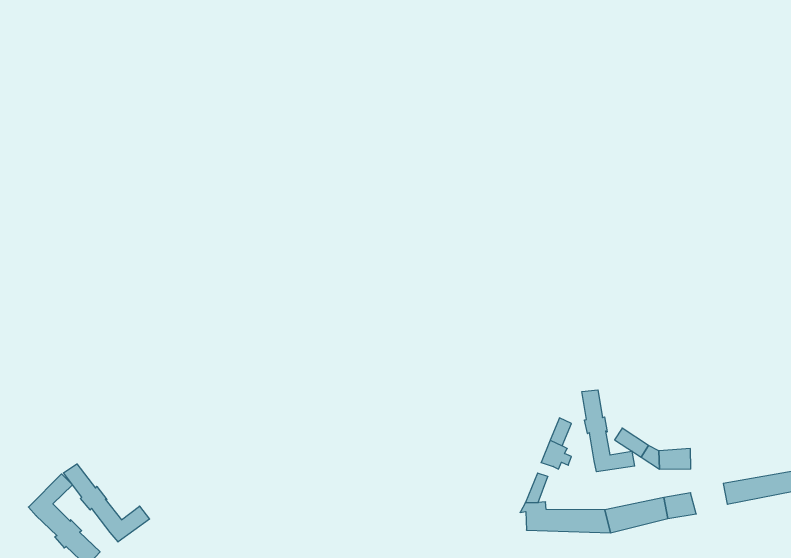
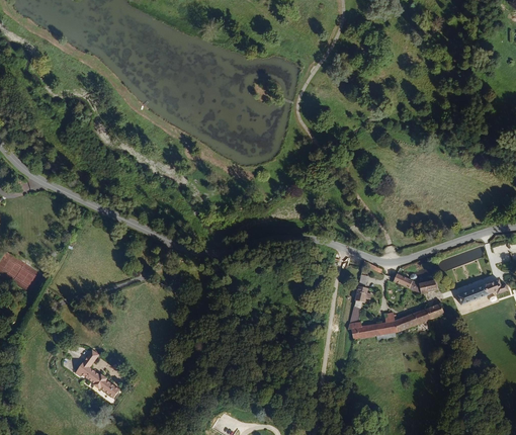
building: [582,390,635,472] -> none
building: [63,464,150,542] -> none

